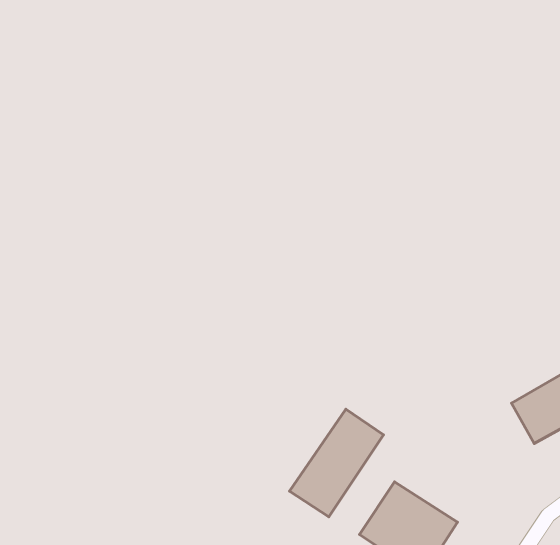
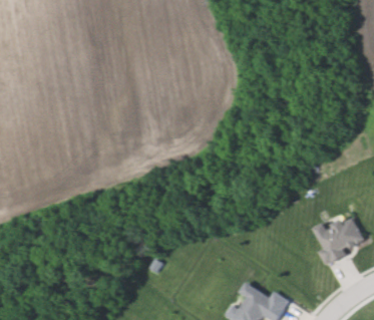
building: [290,409,383,517] -> none

